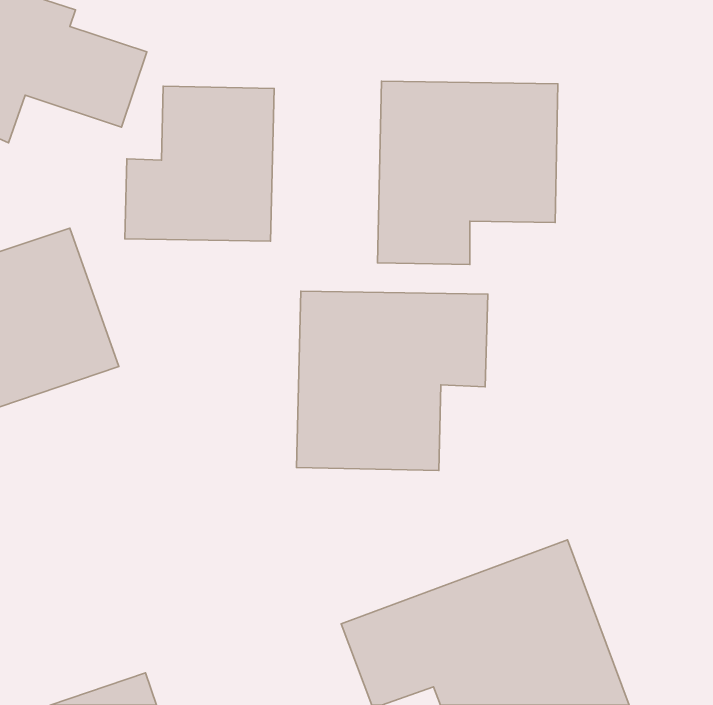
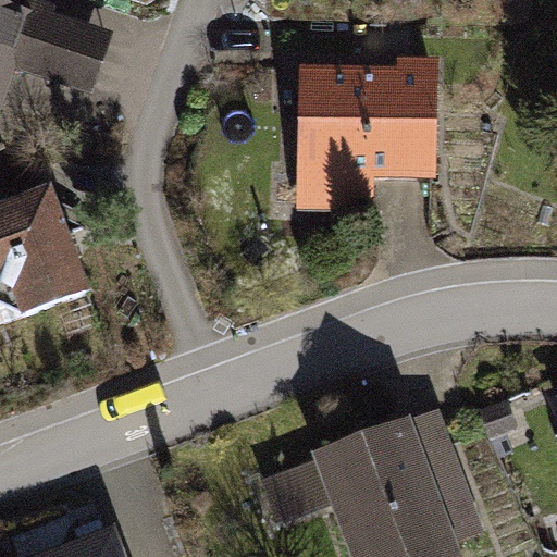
building: [125,86,274,241] -> none
building: [297,291,488,470] -> none

